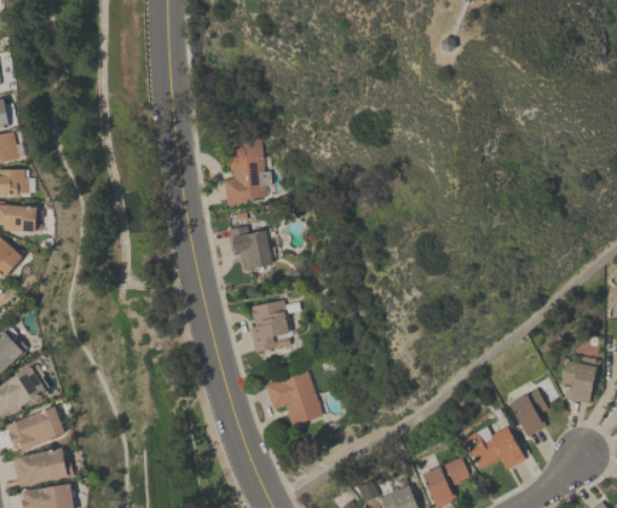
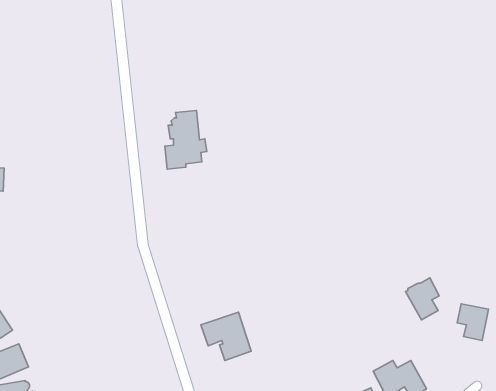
building: [229,225,272,270] -> none
building: [250,300,290,353] -> none
building: [509,388,548,437] -> [406,278,439,320]

